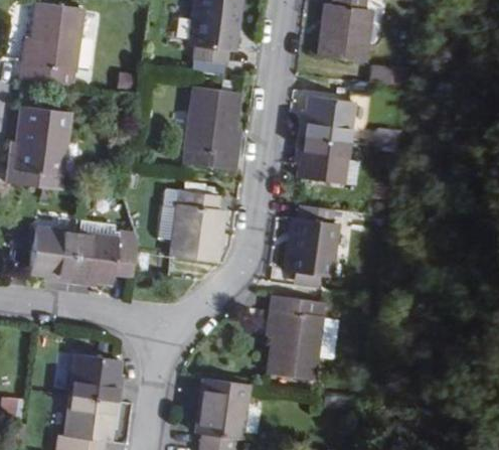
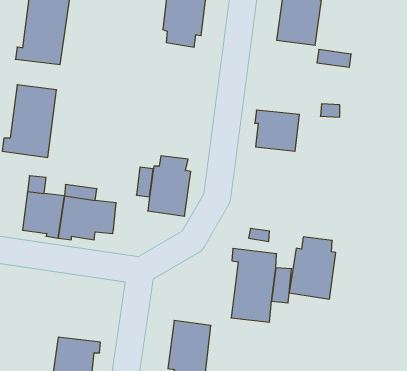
building: [185,84,239,169] -> none
building: [299,96,353,141] -> none
building: [285,203,338,275] -> [289,237,336,299]
building: [71,352,122,403] -> none

